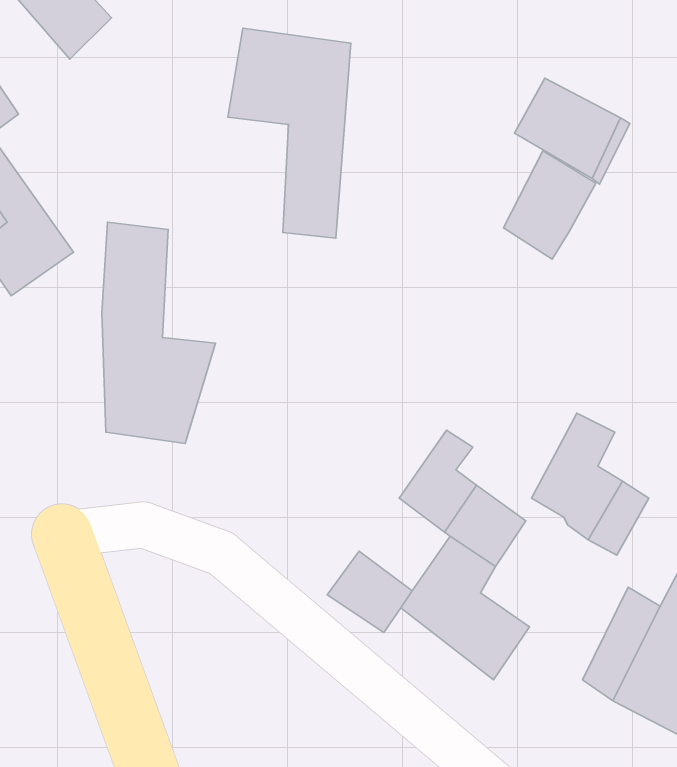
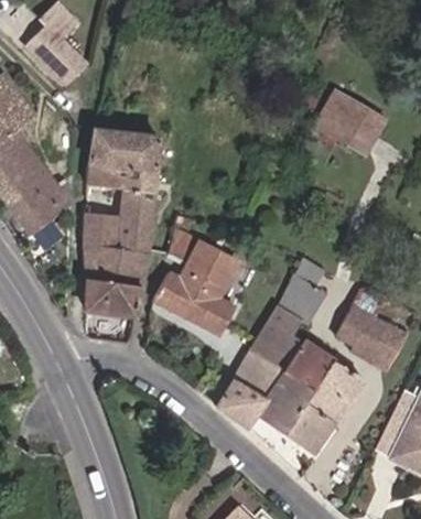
building: [228,28,351,238] -> [87,131,159,253]
building: [504,151,596,259] -> none
building: none -> [154,225,244,333]
building: none -> [284,256,328,318]
building: none -> [234,344,287,398]
building: none -> [304,357,360,419]

